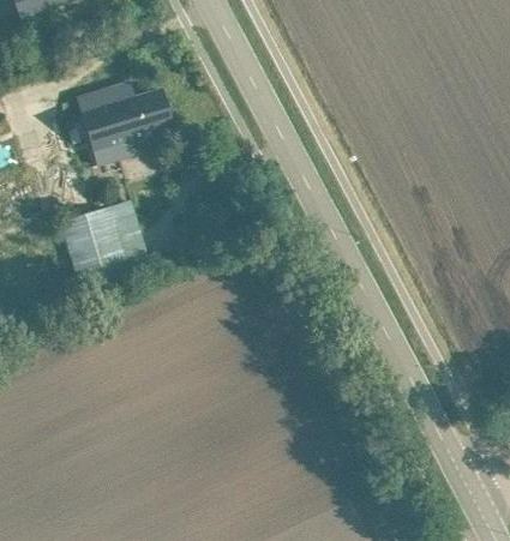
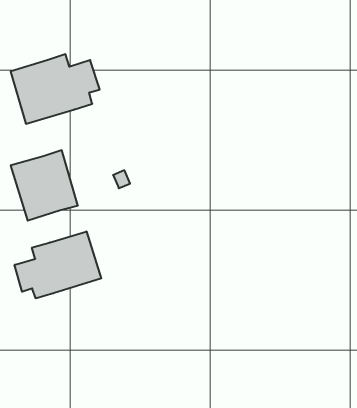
building: none -> [15,231,101,298]

